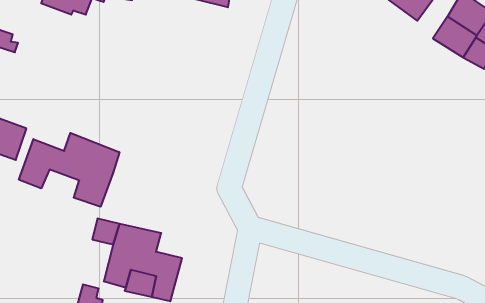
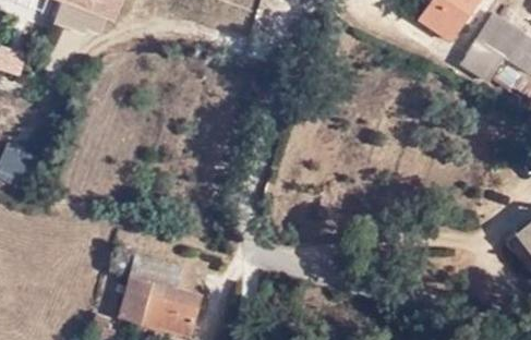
building: [19,133,119,207] -> none

